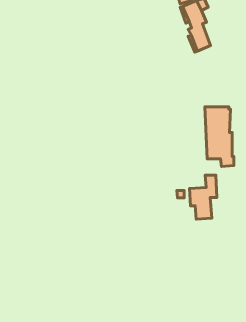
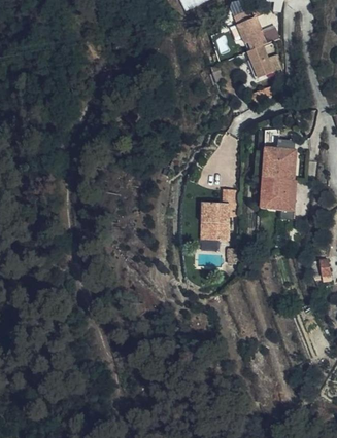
building: [190,175,217,219] -> [200,189,234,244]

